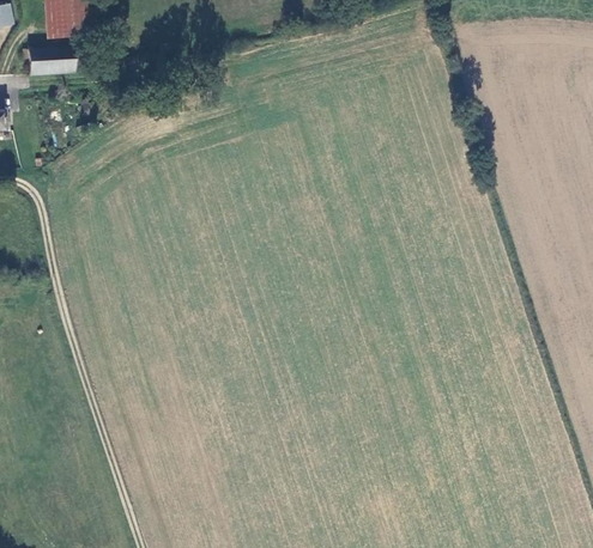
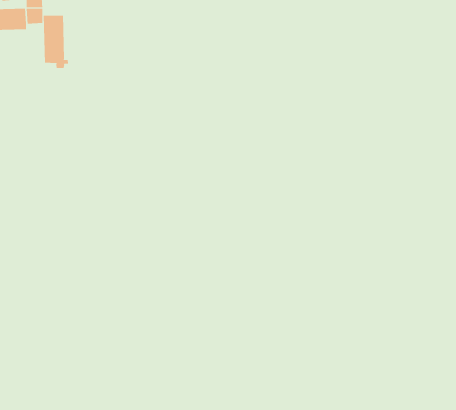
building: none -> [43,15,69,69]

